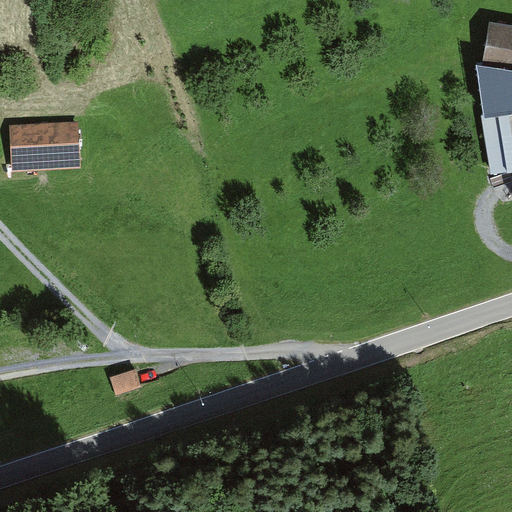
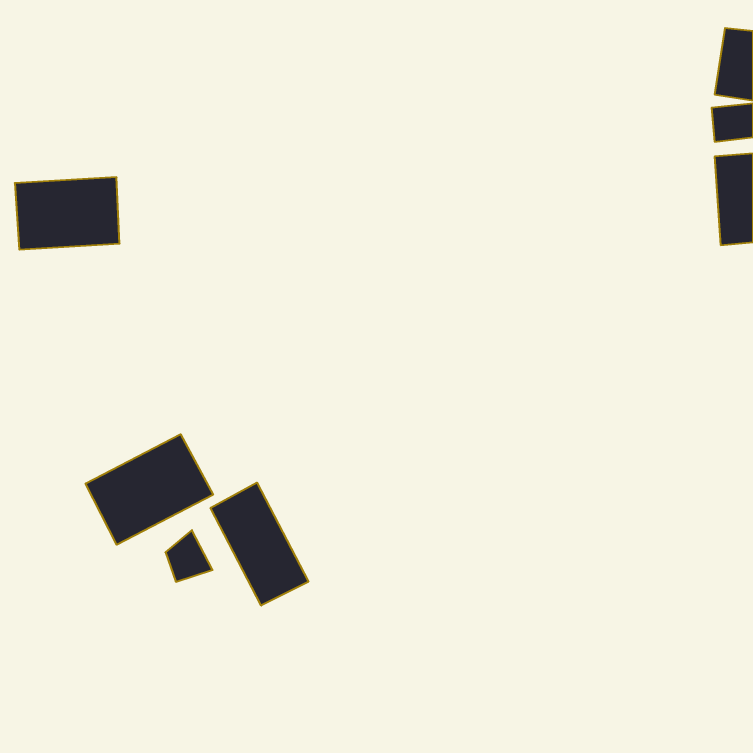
building: none -> [86,434,213,545]
building: none -> [211,483,308,606]

